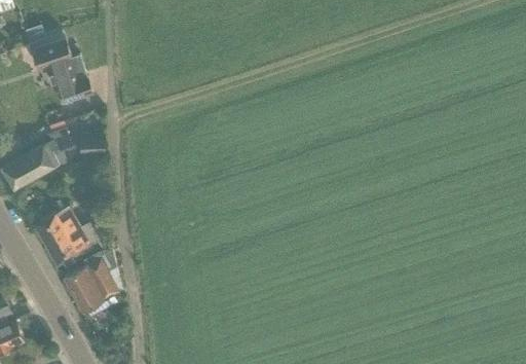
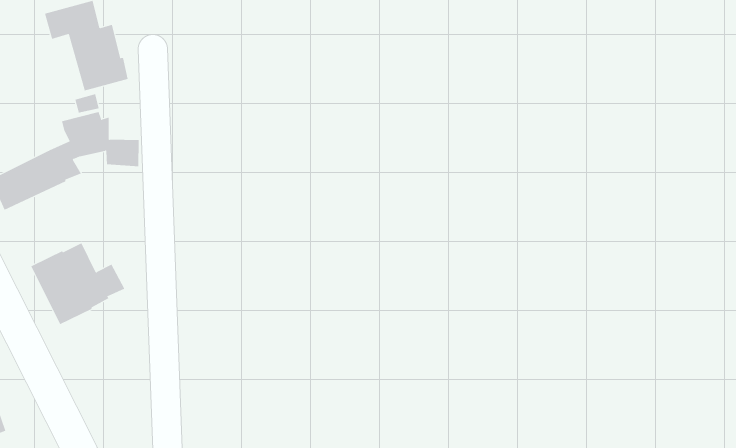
building: [63,246,122,312] -> none

